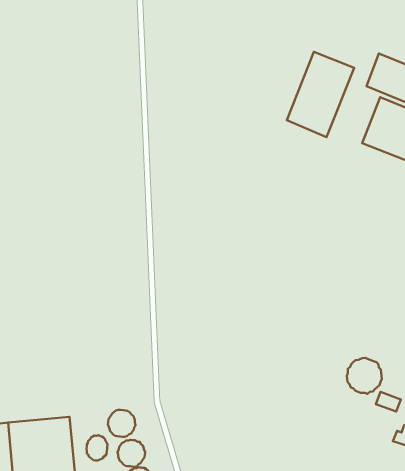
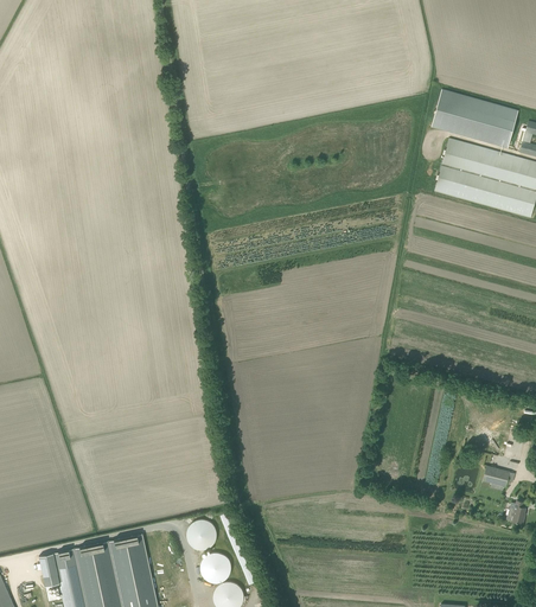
building: [287,52,354,137] -> none
building: [347,358,382,394] -> none
building: [86,435,108,461] -> none

